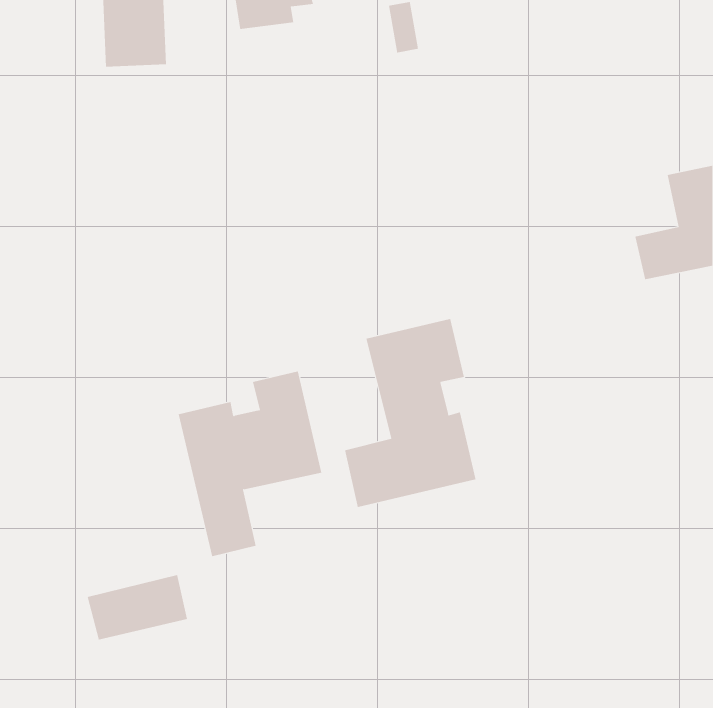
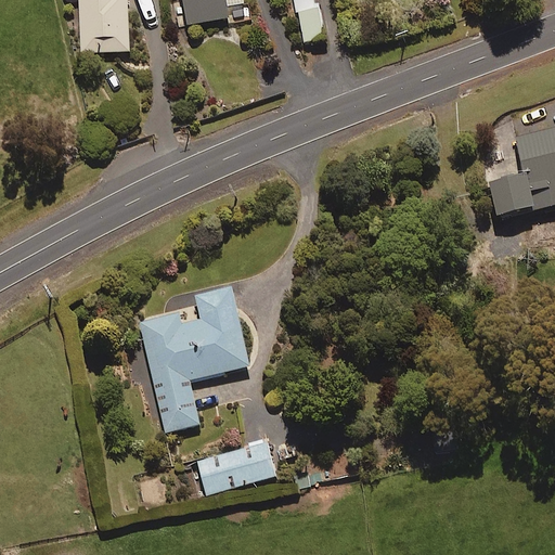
building: [344,318,476,508] -> none
building: [87,574,188,640] -> [196,441,274,492]

